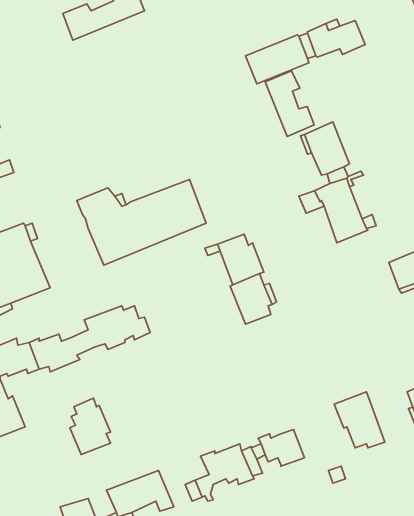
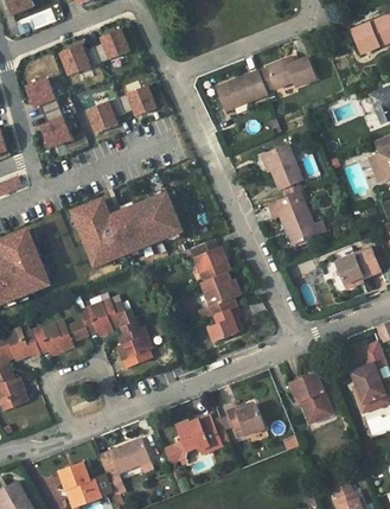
building: none -> [26,77,71,146]
building: none -> [87,84,156,132]
building: [265,71,314,137] -> none
building: none -> [207,306,242,342]
building: [70,398,111,455] -> [117,320,152,368]

